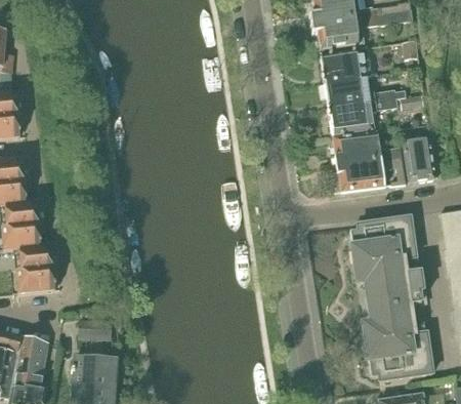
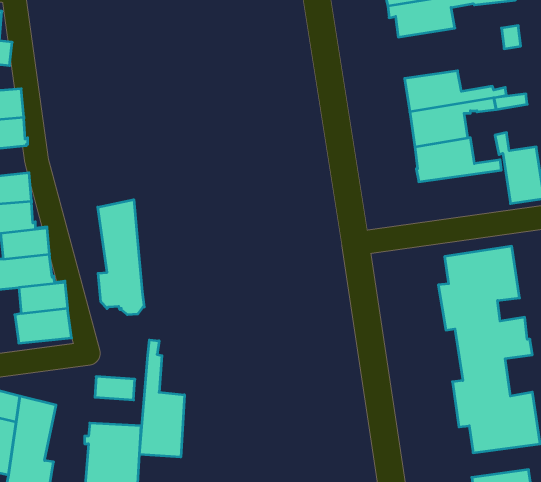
building: [321,46,372,82] -> none
building: [331,155,406,190] -> none
building: none -> [98,200,144,315]
building: none -> [140,340,184,457]

